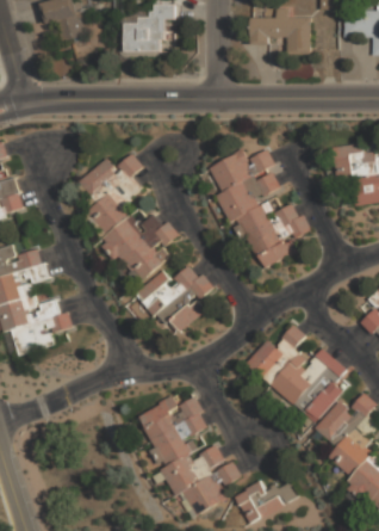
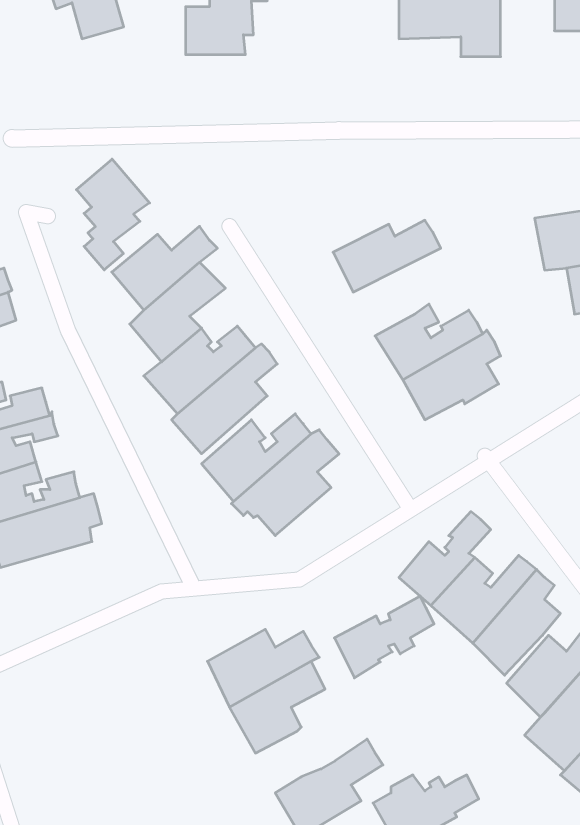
building: none -> [76,159,150,270]
building: [217,172,280,221] -> none
building: [163,443,223,492] -> [334,596,434,678]

